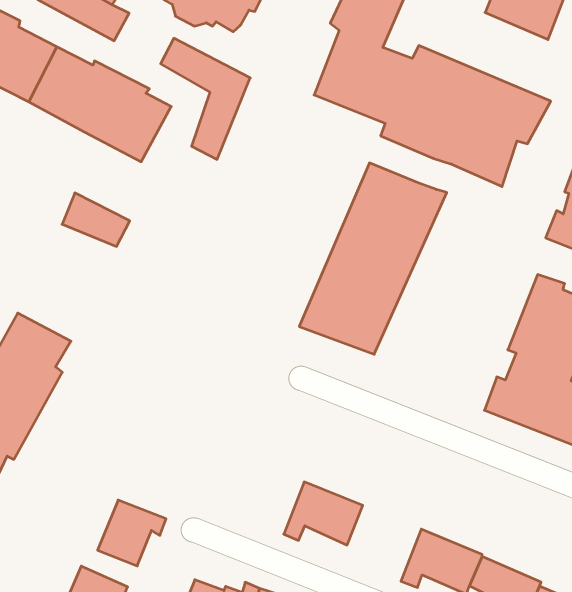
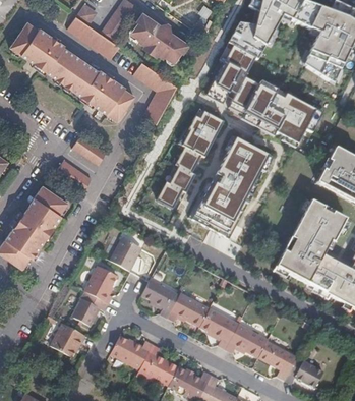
building: none -> [157,106,223,207]
building: none -> [57,157,92,190]
building: none -> [112,238,143,272]
building: none -> [85,266,118,304]
building: none -> [143,277,181,319]
building: none -> [200,308,239,349]

